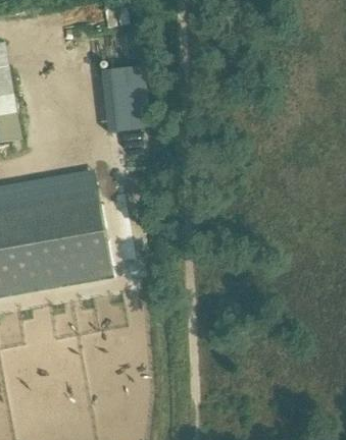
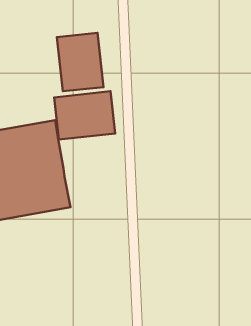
building: none -> [54,91,115,140]

